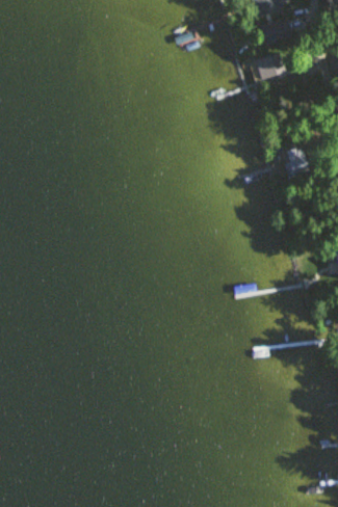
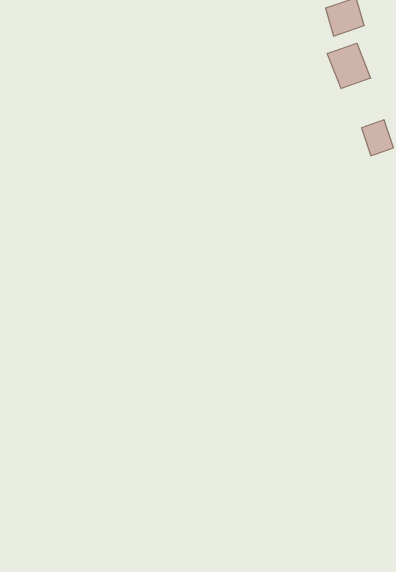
building: none -> [327,43,371,89]

